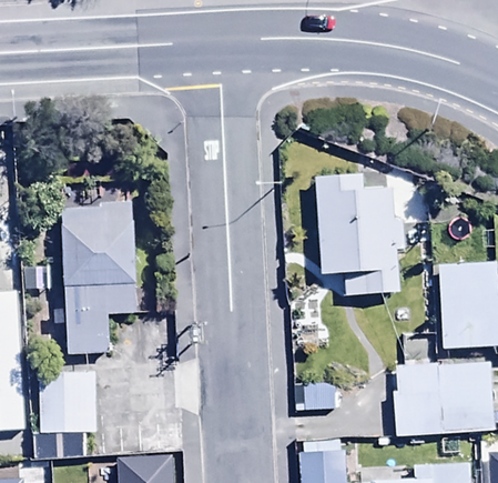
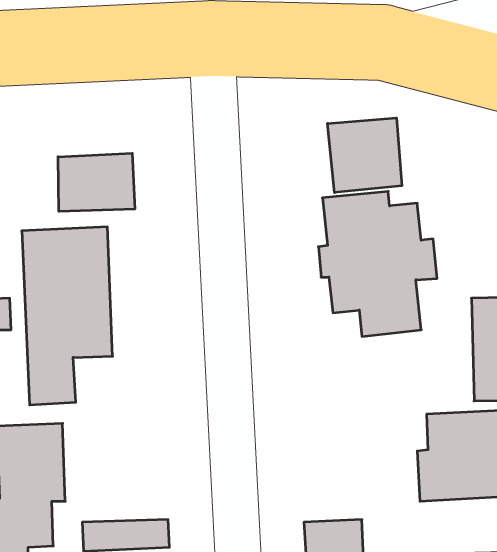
building: none -> [328,118,402,193]
building: none -> [58,153,135,211]

